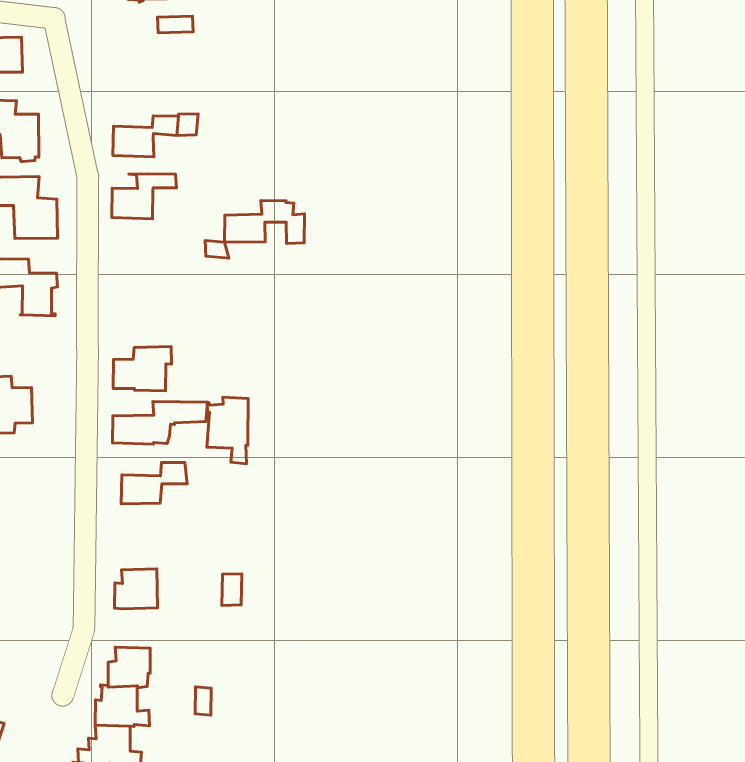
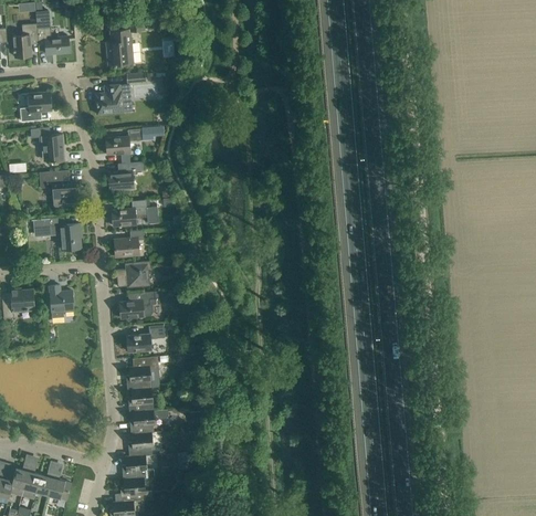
building: none -> [95,84,123,114]
building: [224,201,304,243] -> [112,199,158,225]
building: none -> [114,230,144,256]
building: [207,397,248,464] -> none
building: none -> [126,356,159,389]
building: none -> [130,408,169,433]

